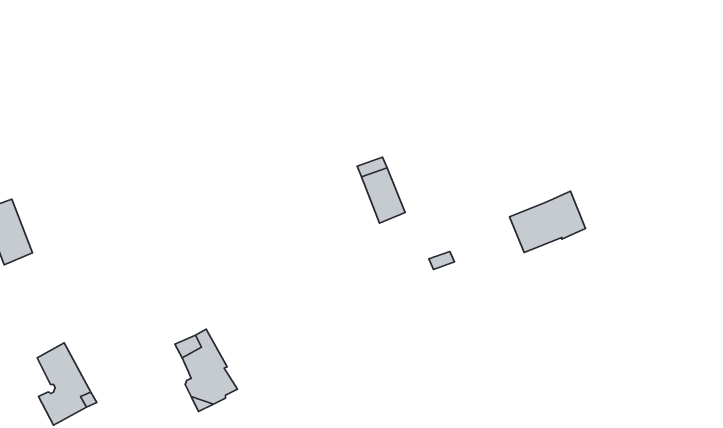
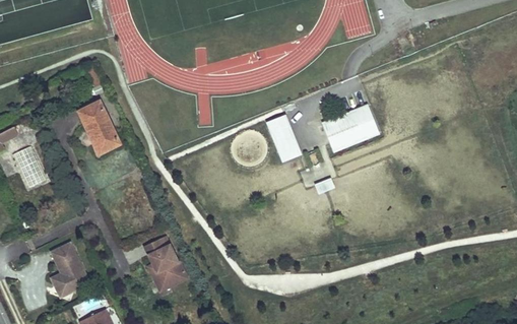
building: none -> [78,101,119,153]
building: [509,191,586,253] -> [324,108,376,149]

